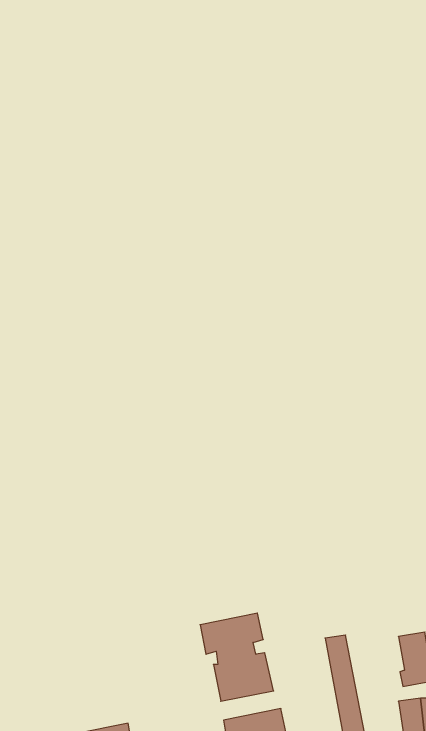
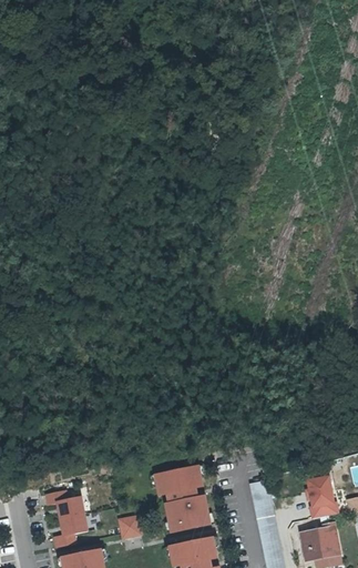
building: none -> [43,489,89,548]
building: none -> [113,515,140,539]

